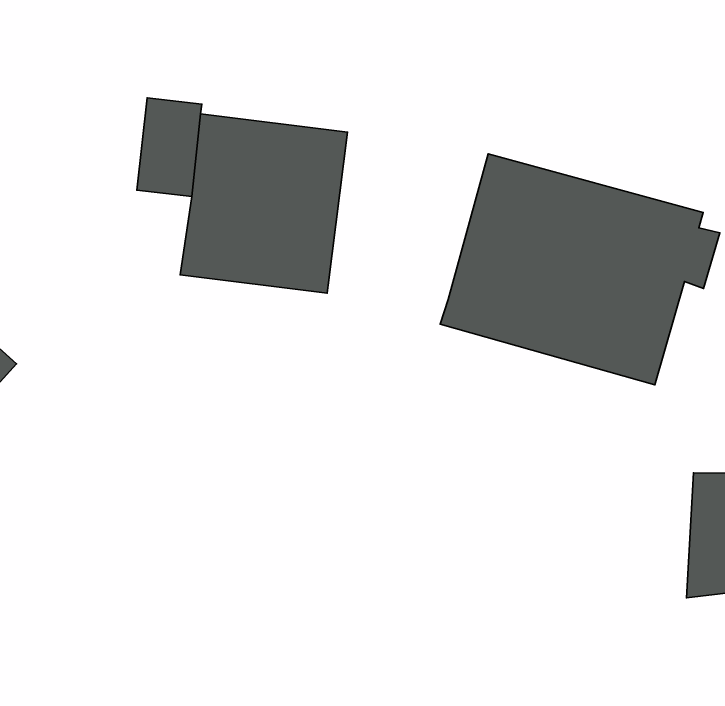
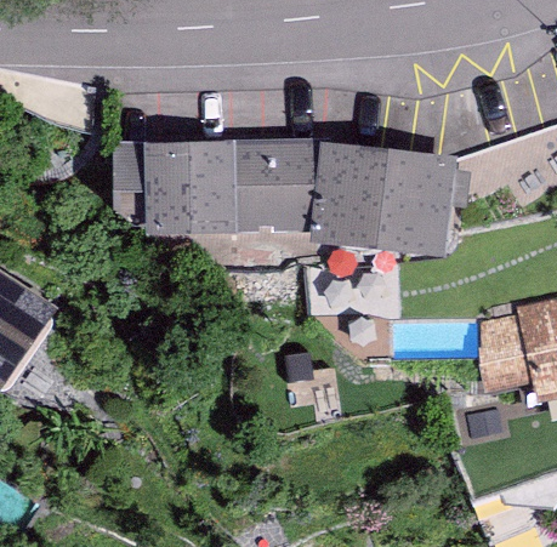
building: none -> [235,133,323,237]

